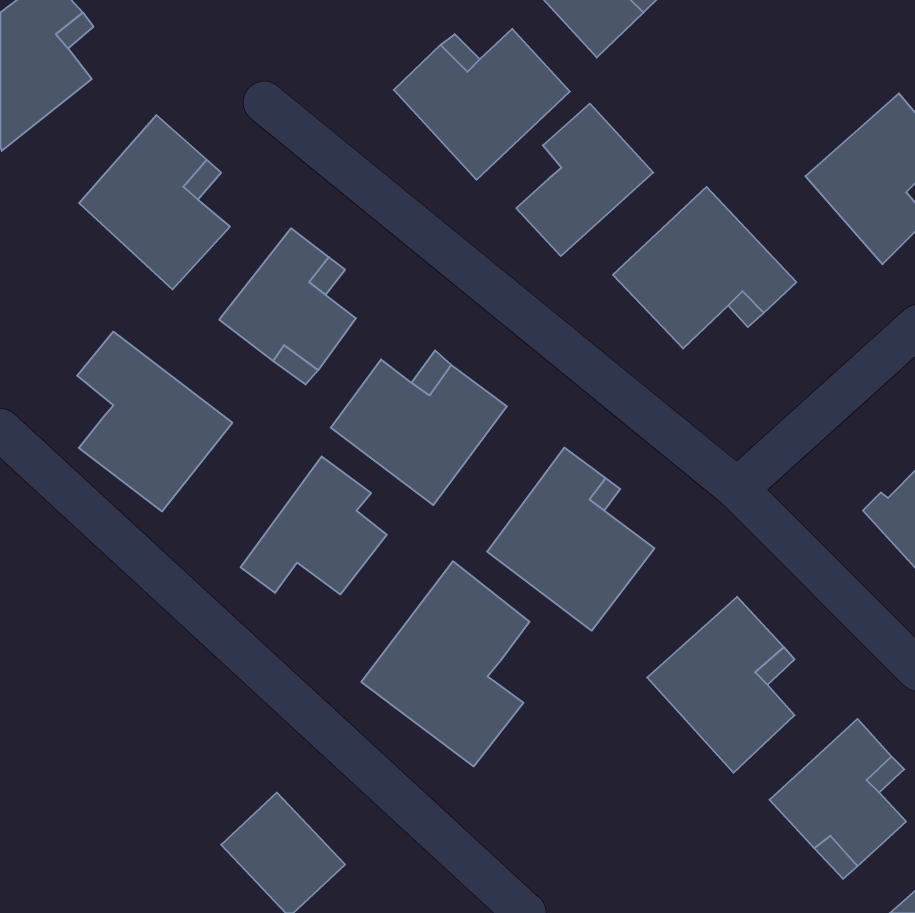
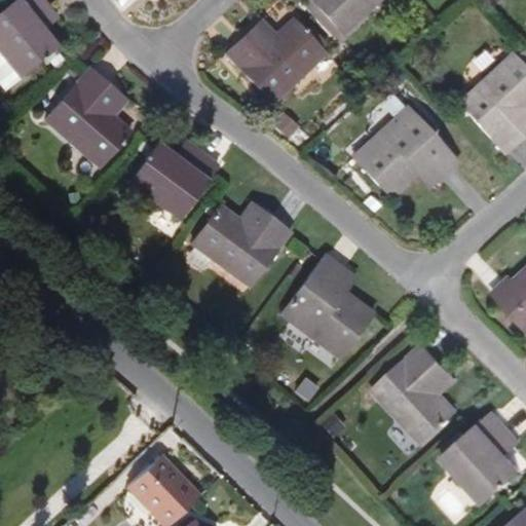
building: [516,104,653,256] -> none
building: [77,332,232,511] -> none
building: [241,456,387,594] -> none
building: [361,561,529,766] -> none

